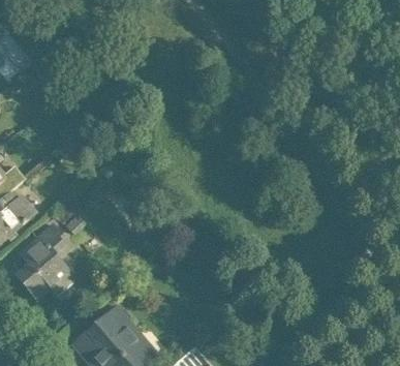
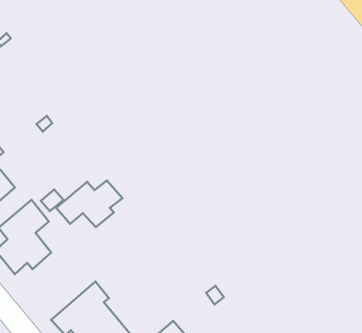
building: none -> [56,180,122,227]

